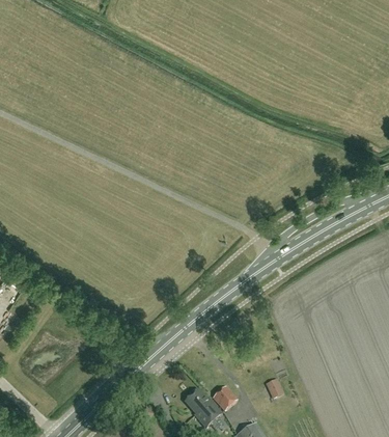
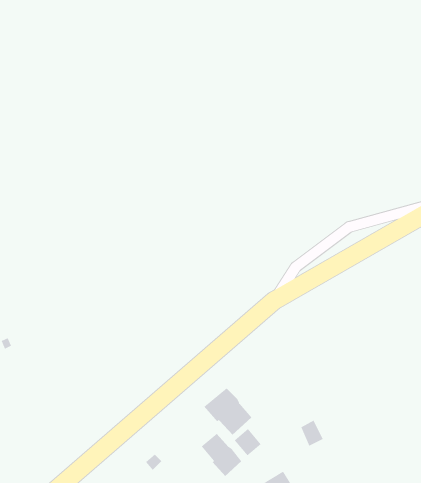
building: none -> [204,387,252,435]

